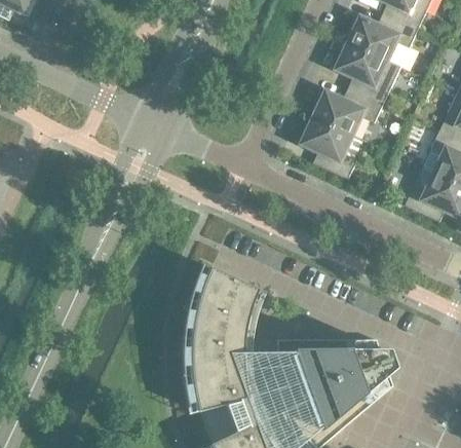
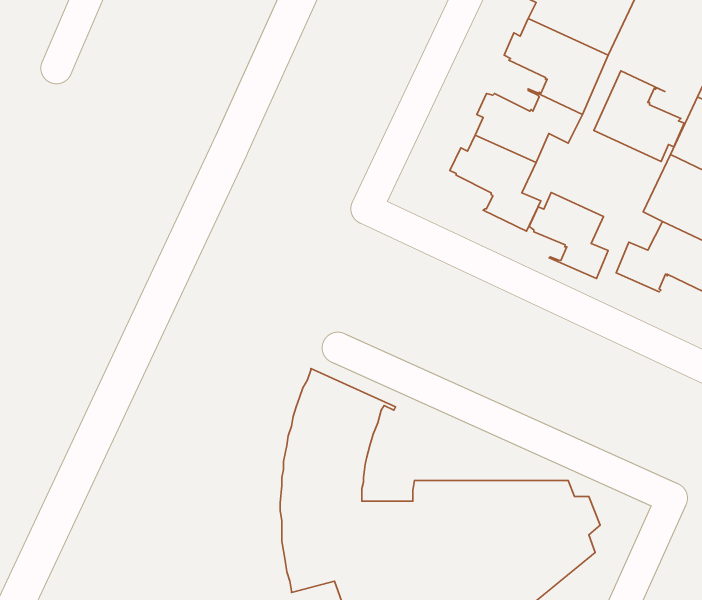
building: none -> [594,71,684,161]
building: none -> [529,192,608,279]

